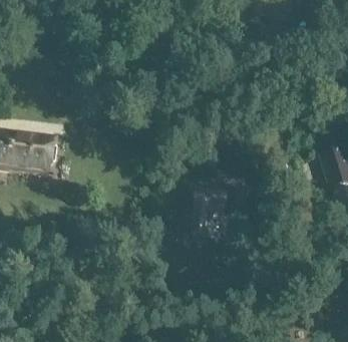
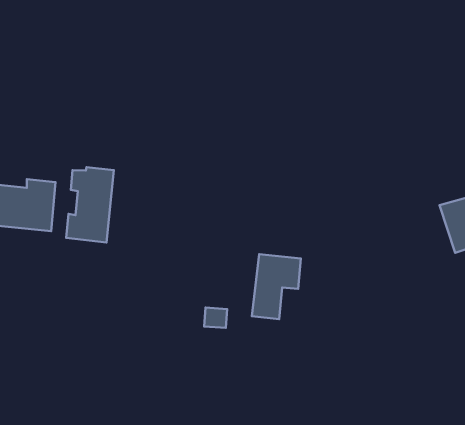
building: none -> [66,167,114,243]

